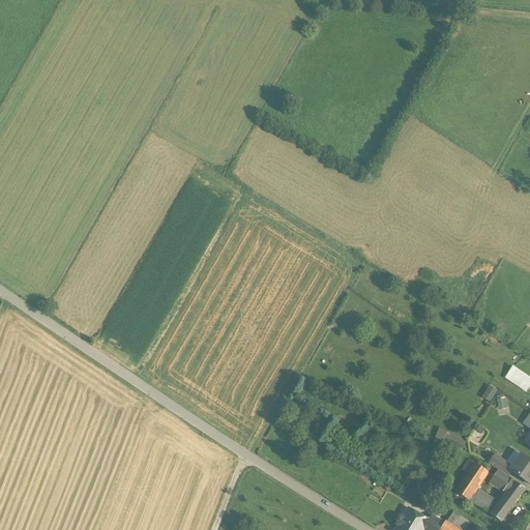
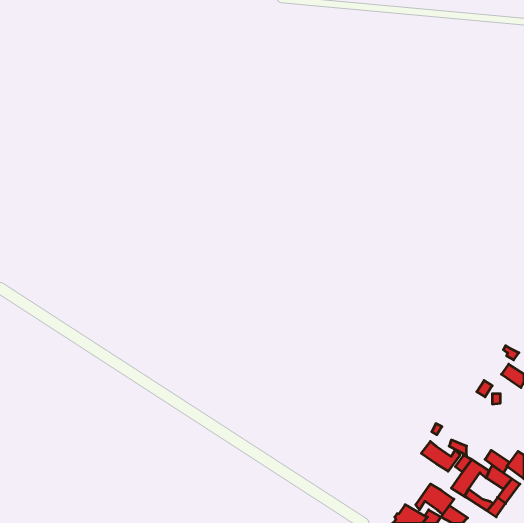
building: none -> [421,441,460,471]
building: none -> [416,484,454,515]

